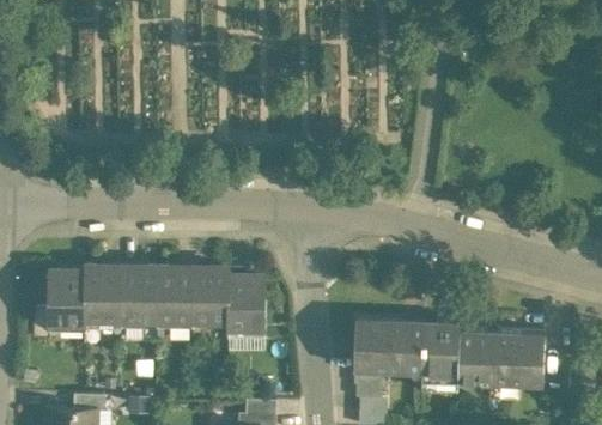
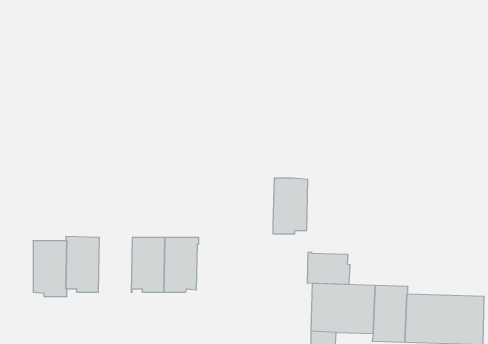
building: [122,268,159,328] -> none
building: [230,275,268,336] -> [273,178,308,234]
building: none -> [307,252,350,285]

